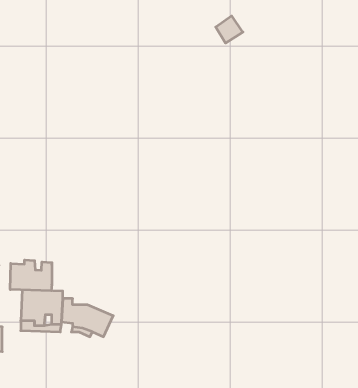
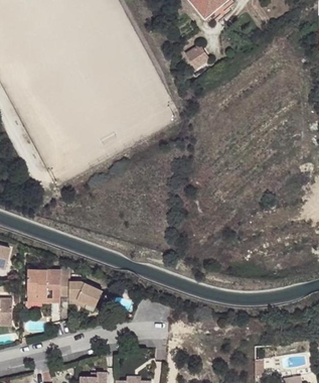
building: [10,260,52,291] -> none

